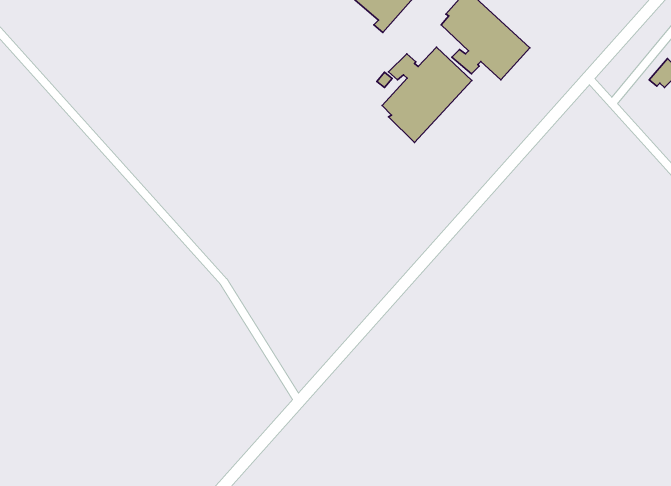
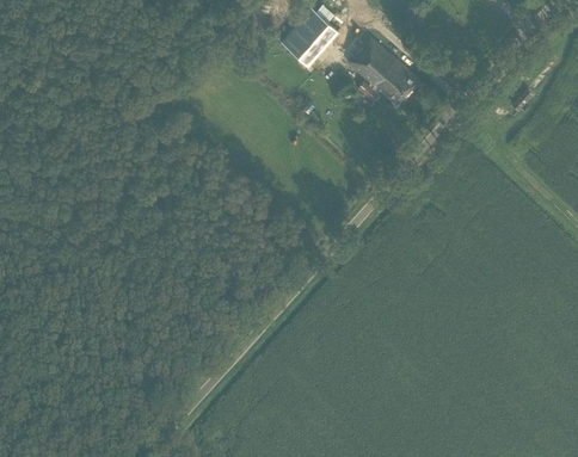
building: [382,47,472,142] -> none

